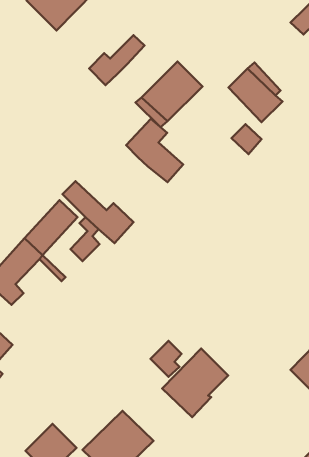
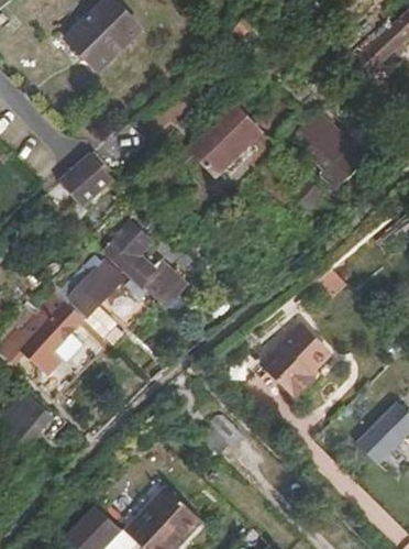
building: [89,35,144,85] -> none
building: none -> [64,152,115,205]
building: [126,119,183,182] -> none
building: [162,348,228,417] -> [259,327,332,403]

